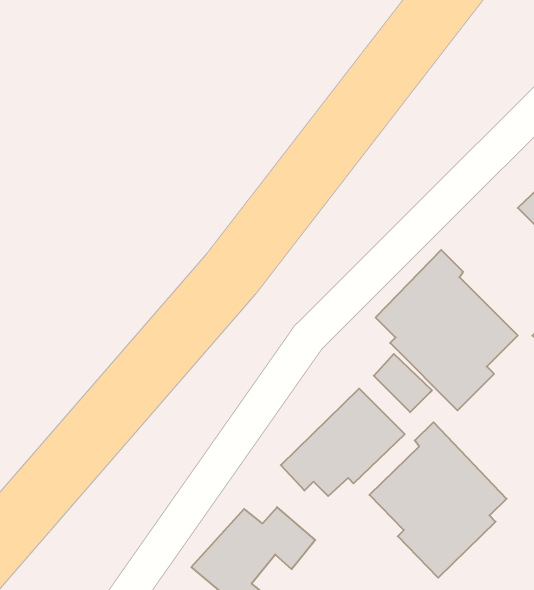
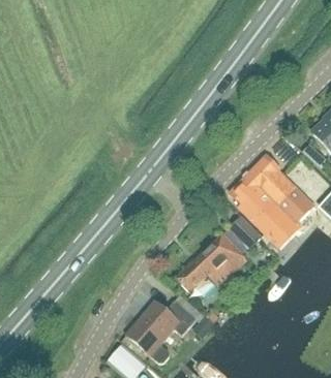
building: [369,422,507,578] -> none

